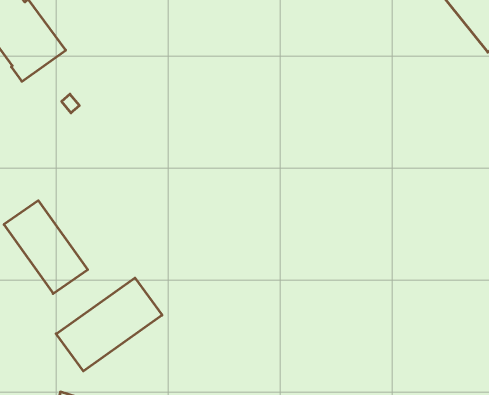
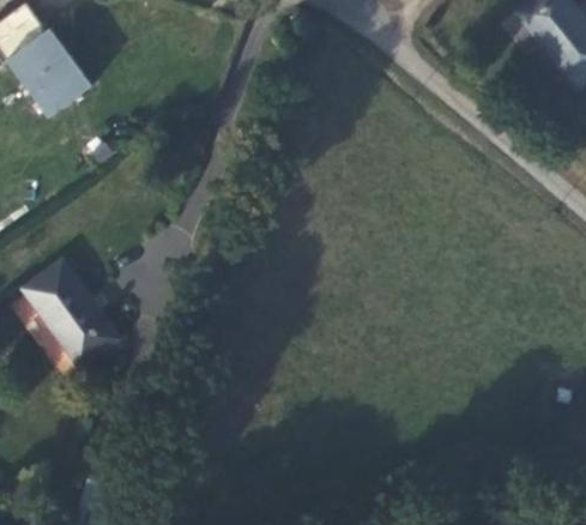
building: [56,278,162,371] -> none

